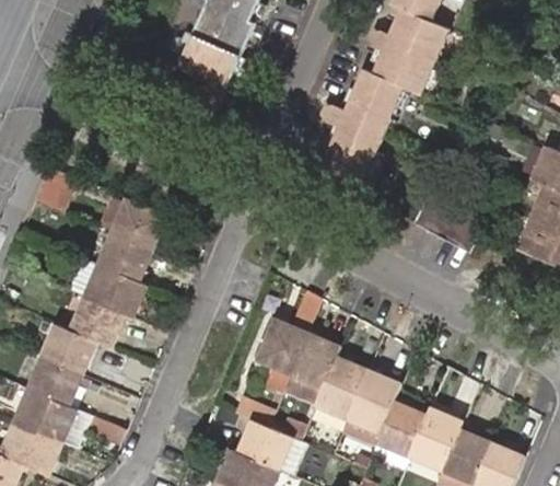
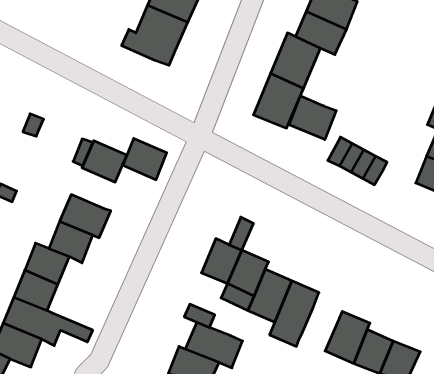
building: none -> [289,96,336,140]
building: [98,231,152,281] -> [123,138,167,180]
building: [376,401,425,454] -> none

